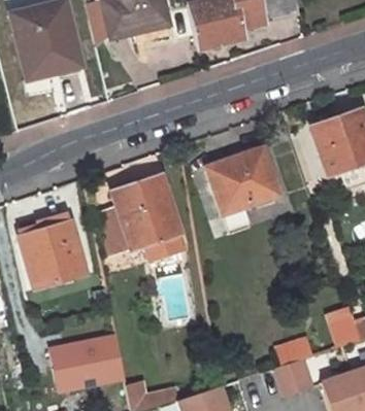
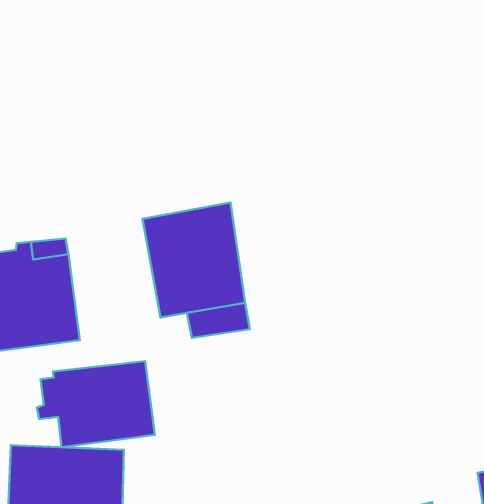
building: [208,144,281,216] -> none
building: none -> [37,361,155,447]

